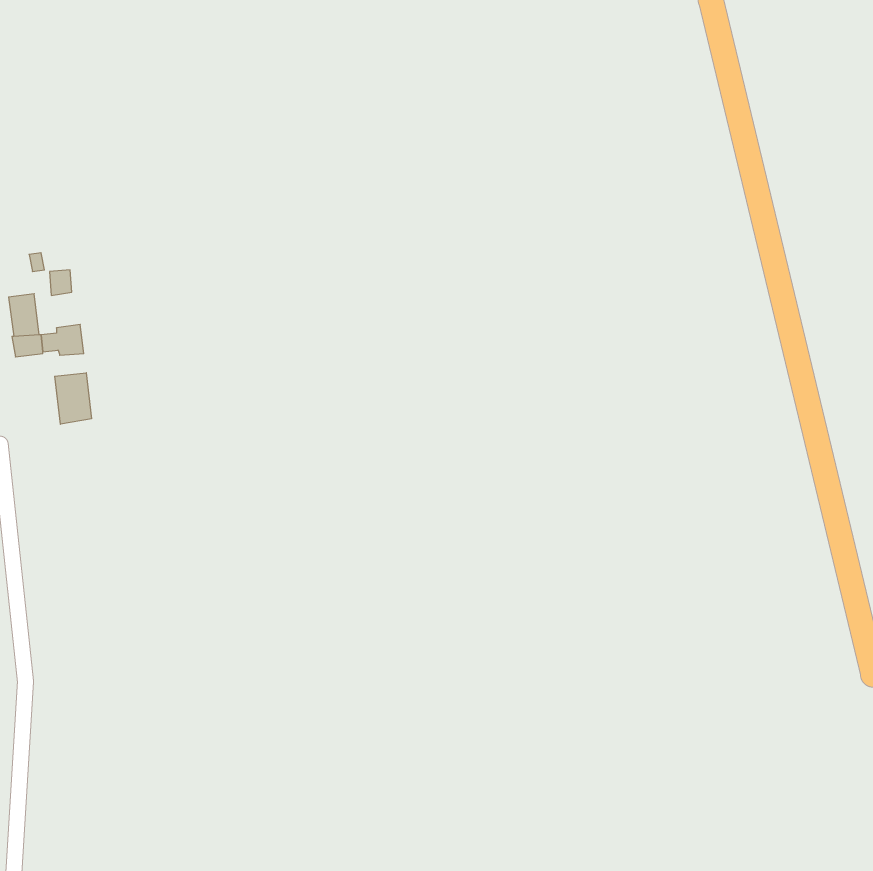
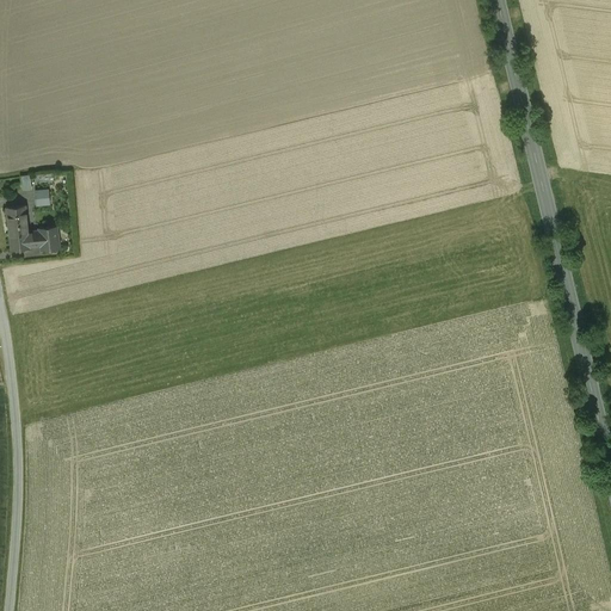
building: [55,373,91,424] -> none

